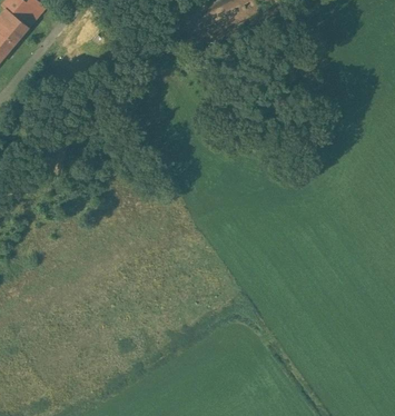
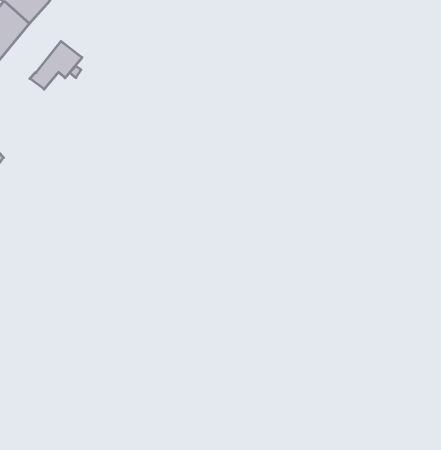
building: none -> [30,41,82,89]

